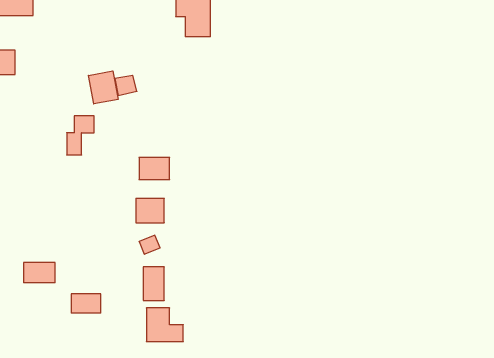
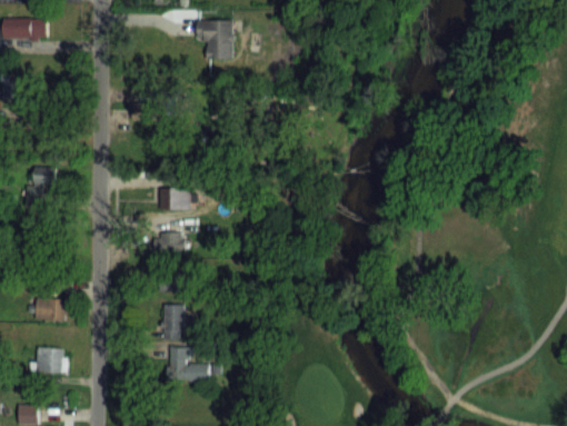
building: [88,71,118,104] -> none
building: [67,116,94,155] -> [27,166,56,207]
building: [71,294,101,313] -> [36,353,67,373]

